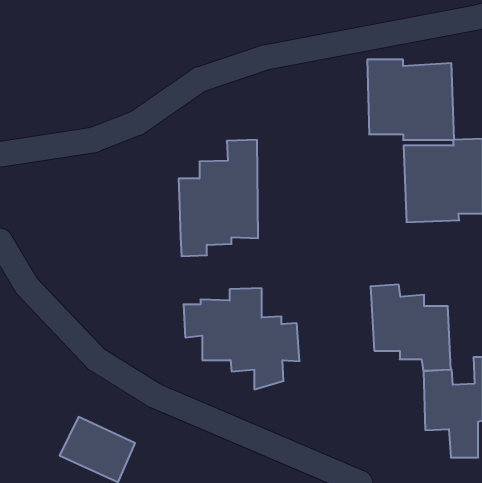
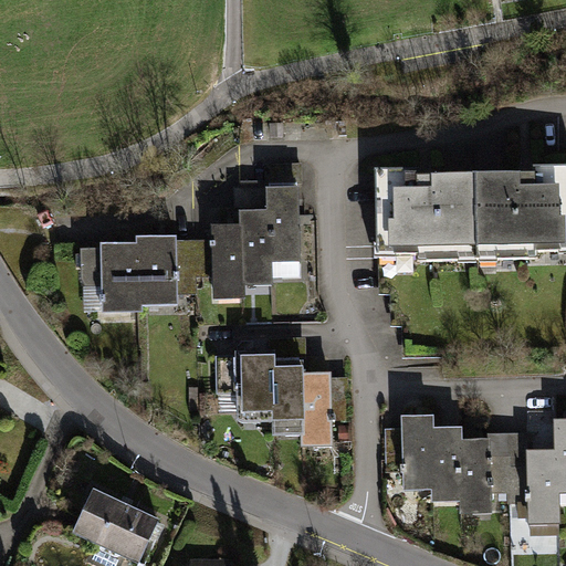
building: [367,60,454,140] -> [375,166,476,260]
building: none -> [82,235,212,313]
building: [370,285,451,371] -> [399,413,493,514]

